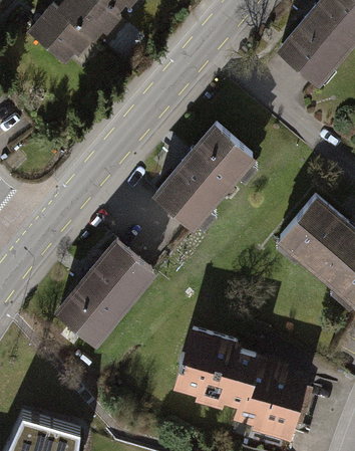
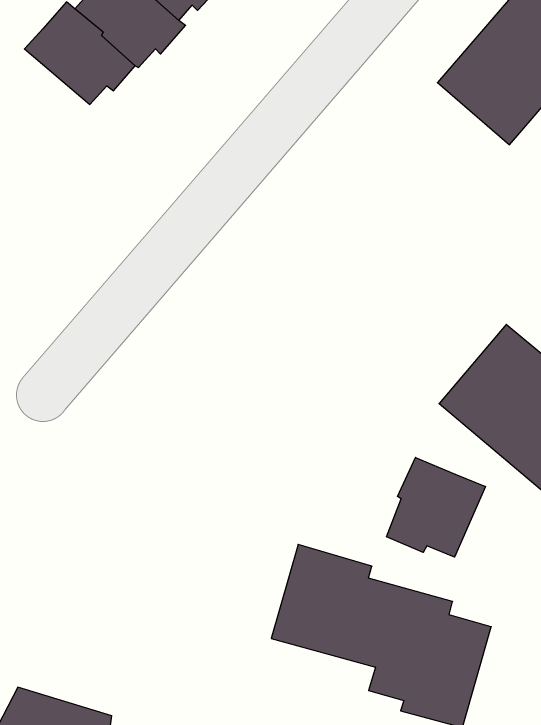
building: [157,123,254,223] -> none
building: [59,239,153,339] -> none
building: none -> [387,457,485,557]

